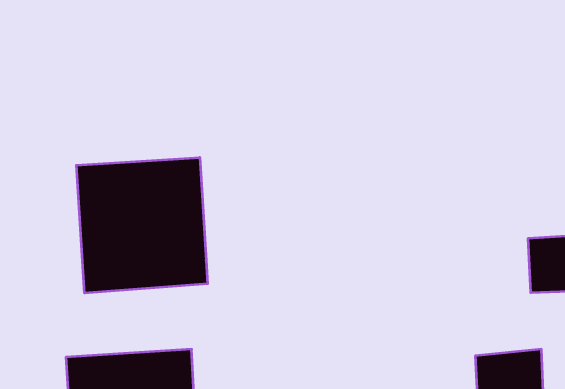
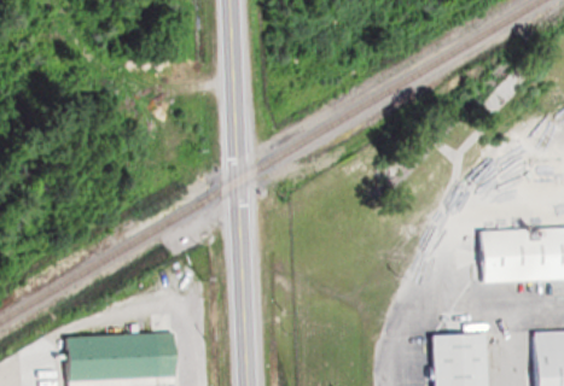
building: [76,157,208,293] -> none

